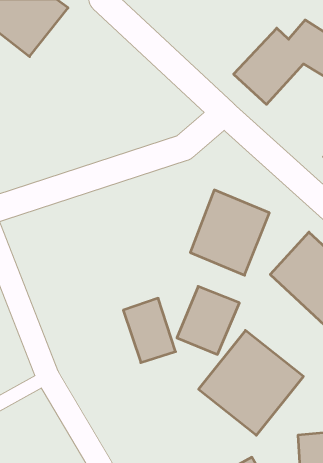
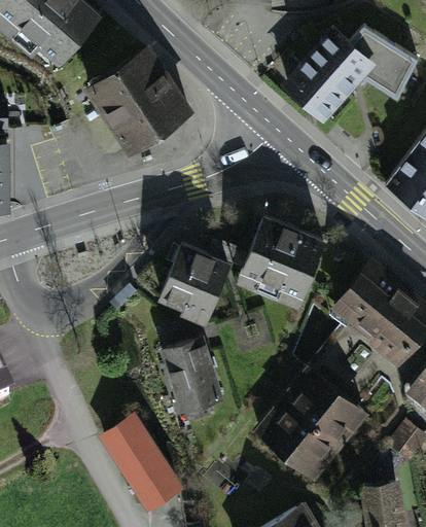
building: none -> [79,47,189,157]
building: [177,286,239,354] -> [162,243,232,319]
building: none -> [106,416,182,508]

